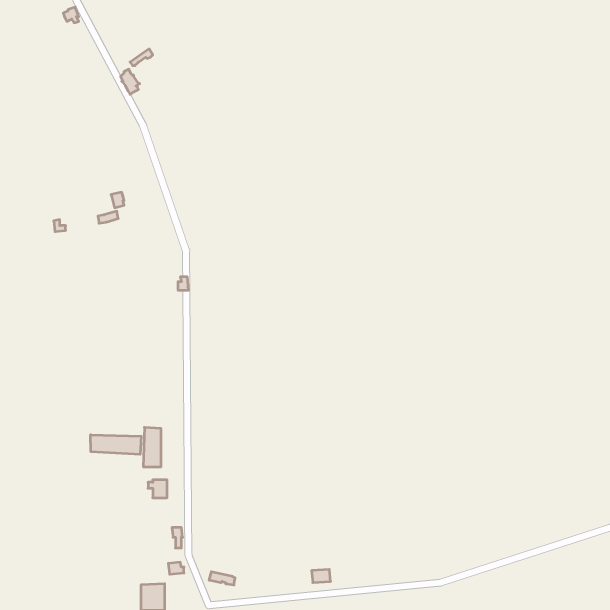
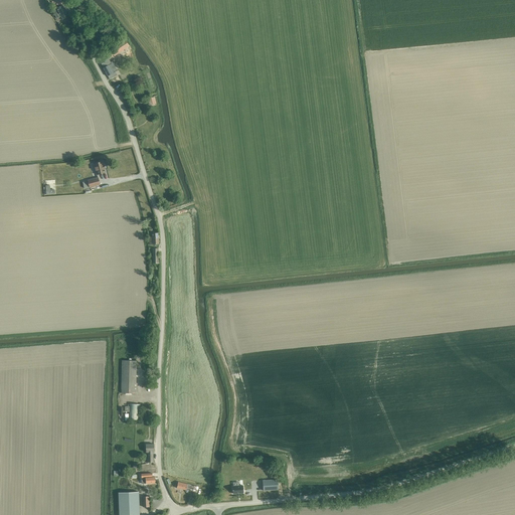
building: [91,435,141,454] -> none

